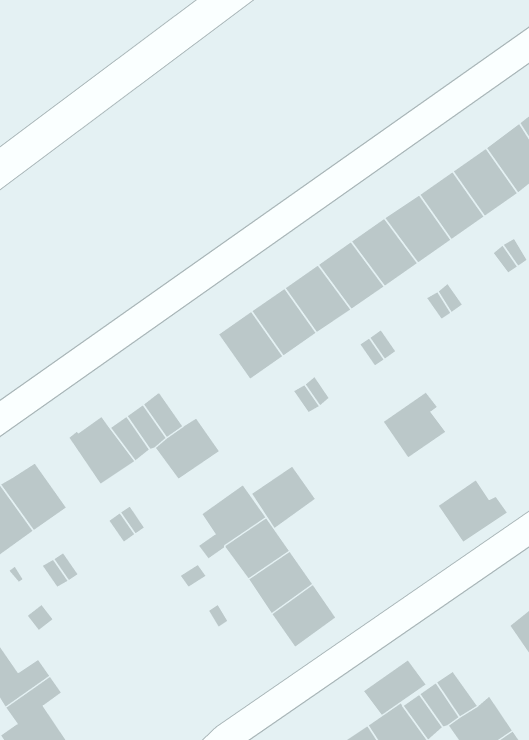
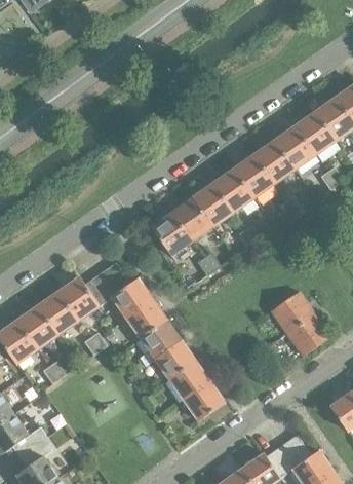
building: [383,392,446,458] -> [272,292,311,333]
building: none -> [39,291,79,334]
building: [251,466,316,529] -> [127,299,167,338]
building: [363,660,427,716] -> none

